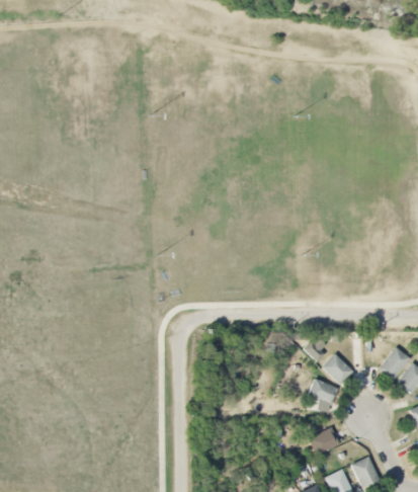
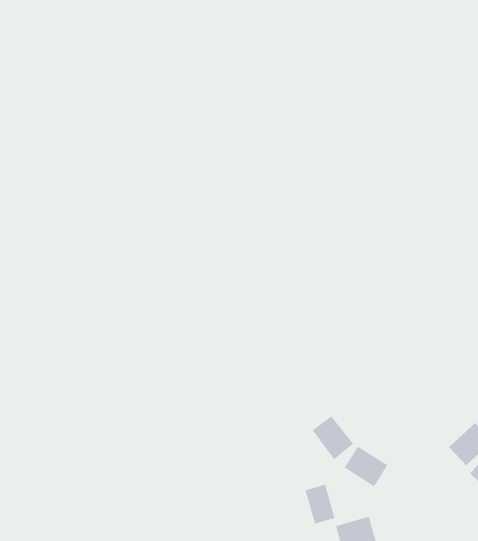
building: [322,354,353,386] -> [312,416,354,460]
building: none -> [305,484,335,524]

